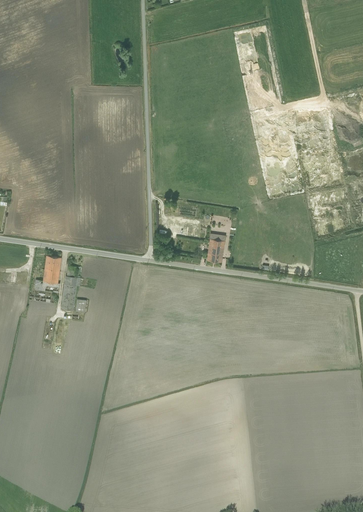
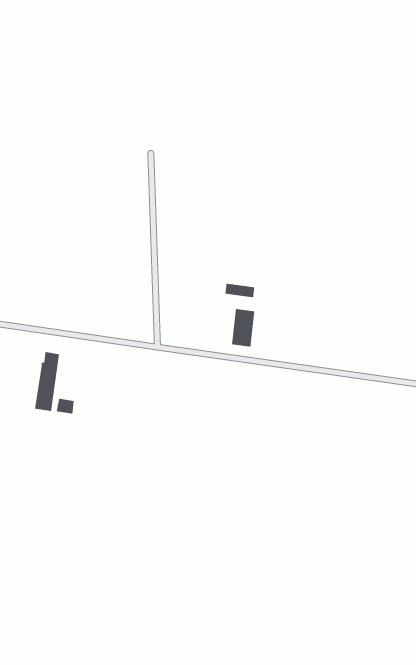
building: [41,254,59,282] -> none

